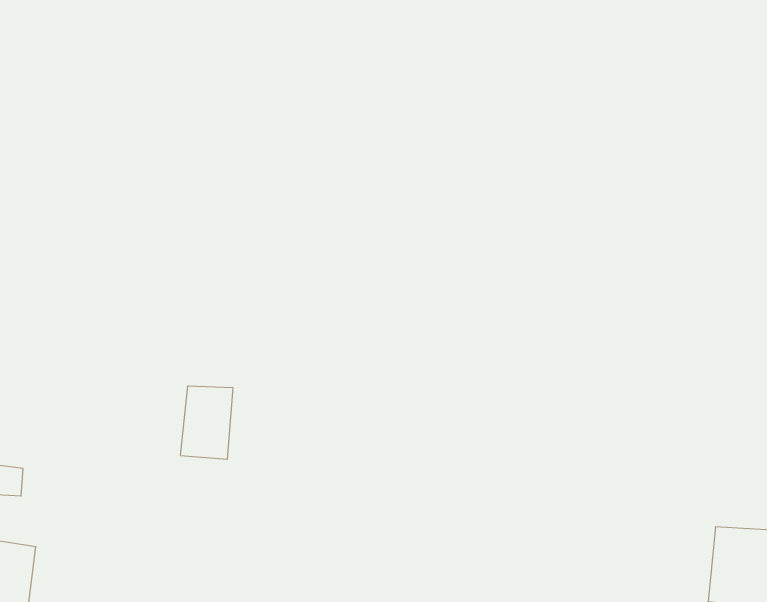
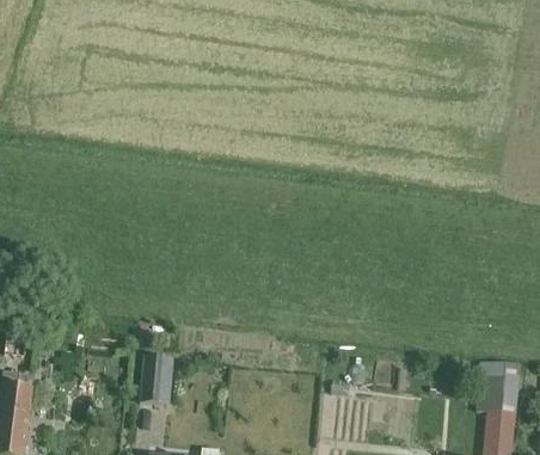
building: [180,386,233,459] -> [137,355,172,402]

